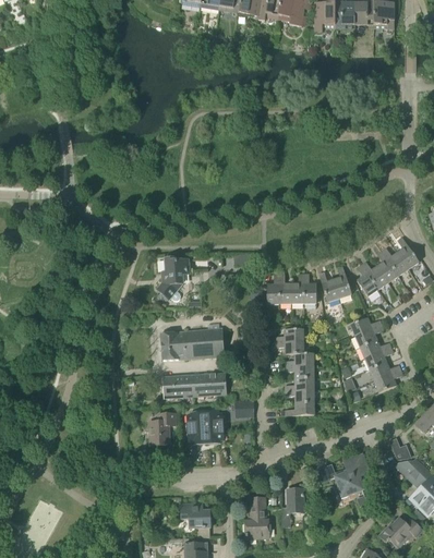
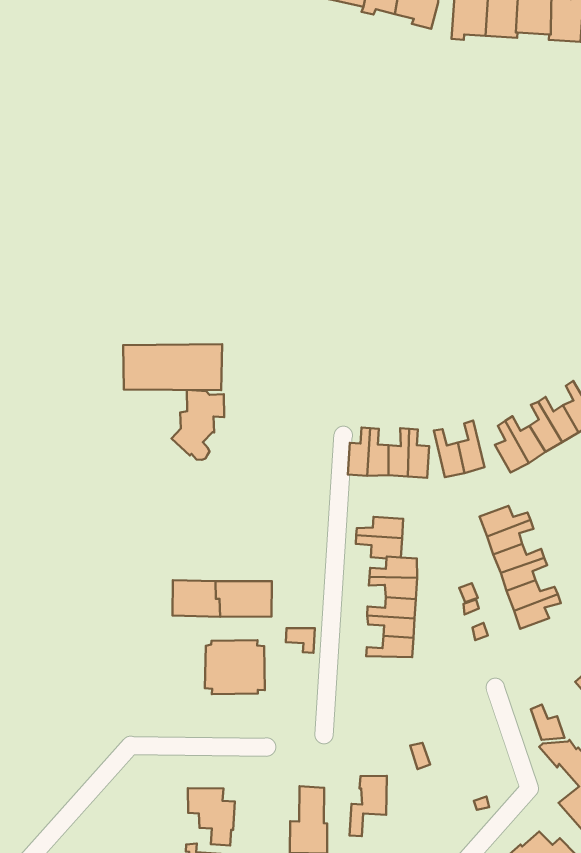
building: [160,327,222,359] -> [123,344,222,390]
building: [150,412,176,445] -> none
building: [336,453,369,495] -> none

